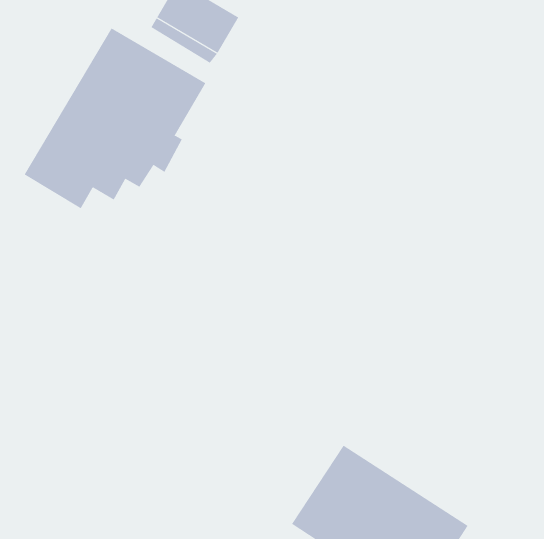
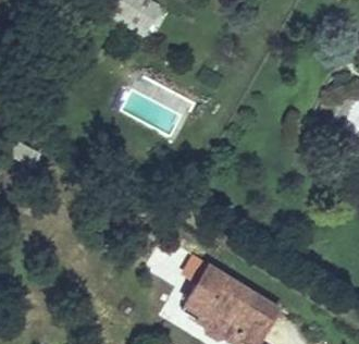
building: [24,28,206,209] -> none

